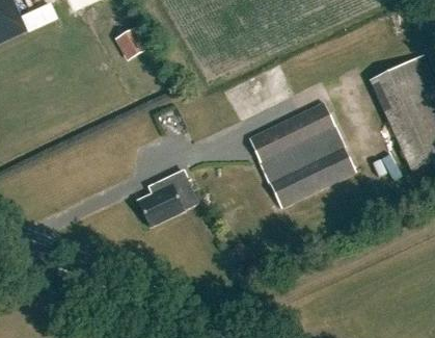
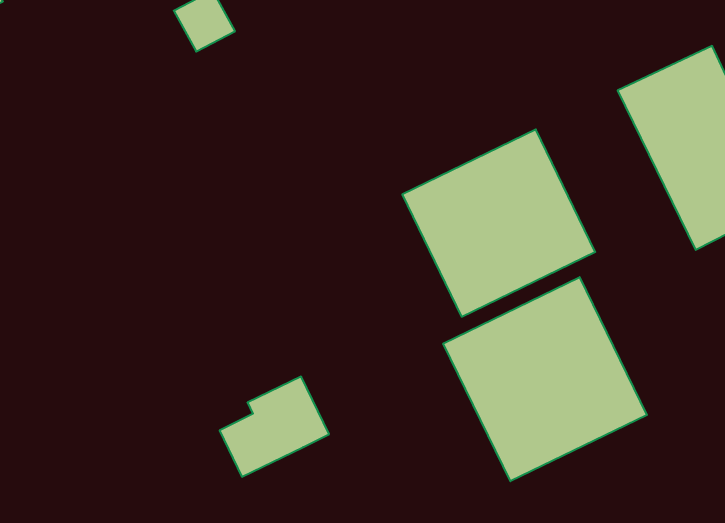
building: [136,172,197,228] -> [220,377,329,477]
building: none -> [443,277,647,481]

